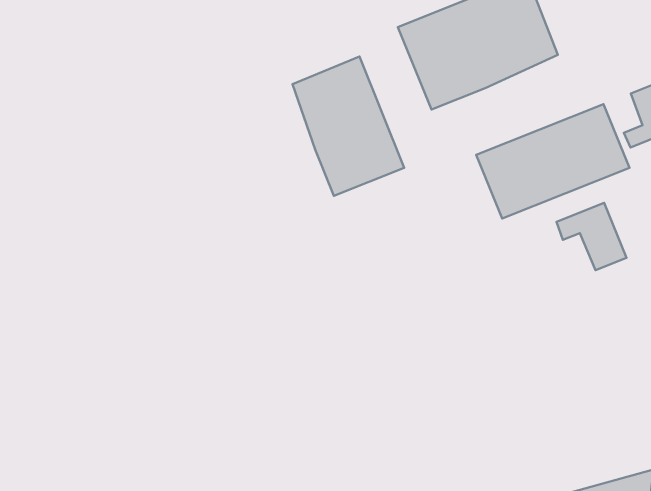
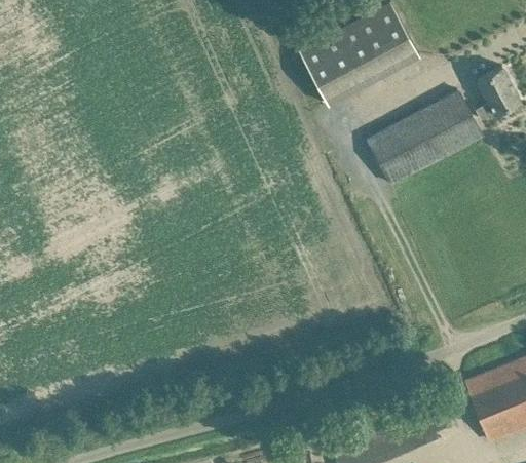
building: [292,57,404,196] -> none
building: [557,203,626,270] -> none

